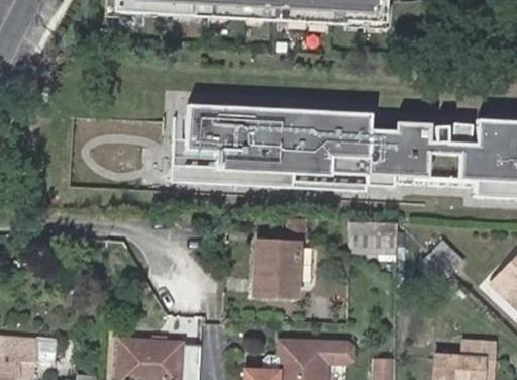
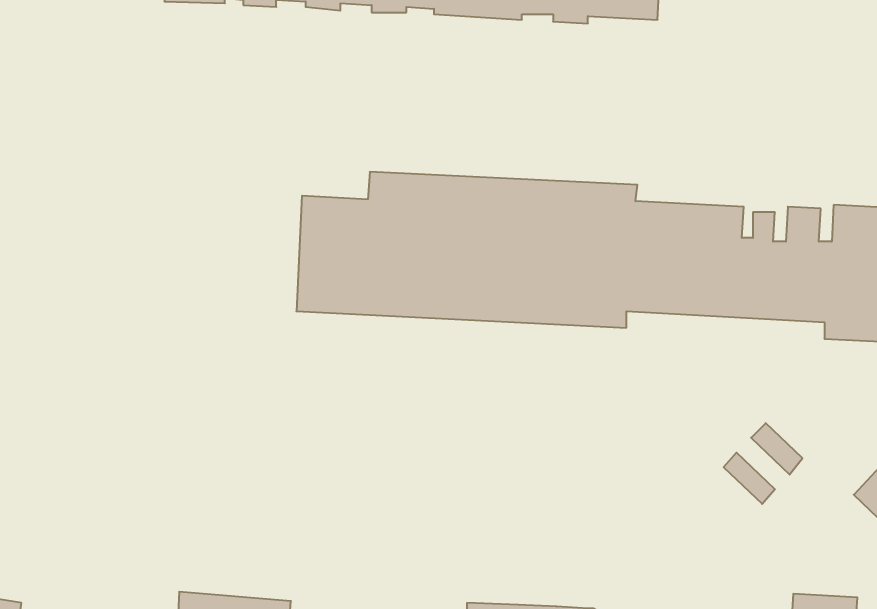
building: [348,221,398,257] -> none
building: [254,243,299,297] -> none

